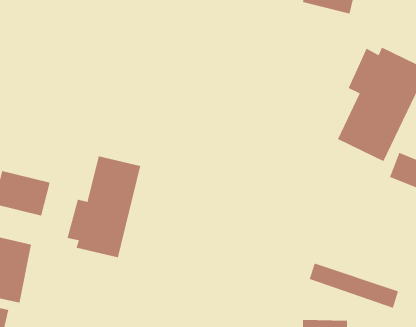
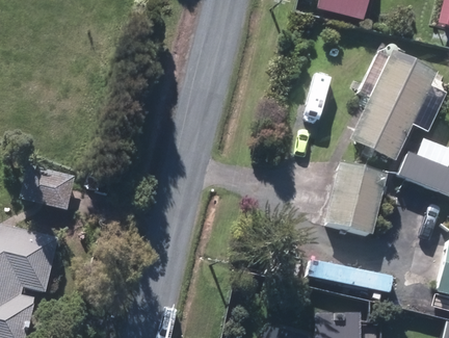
building: [67,155,141,258] -> none
building: none -> [324,158,388,231]

